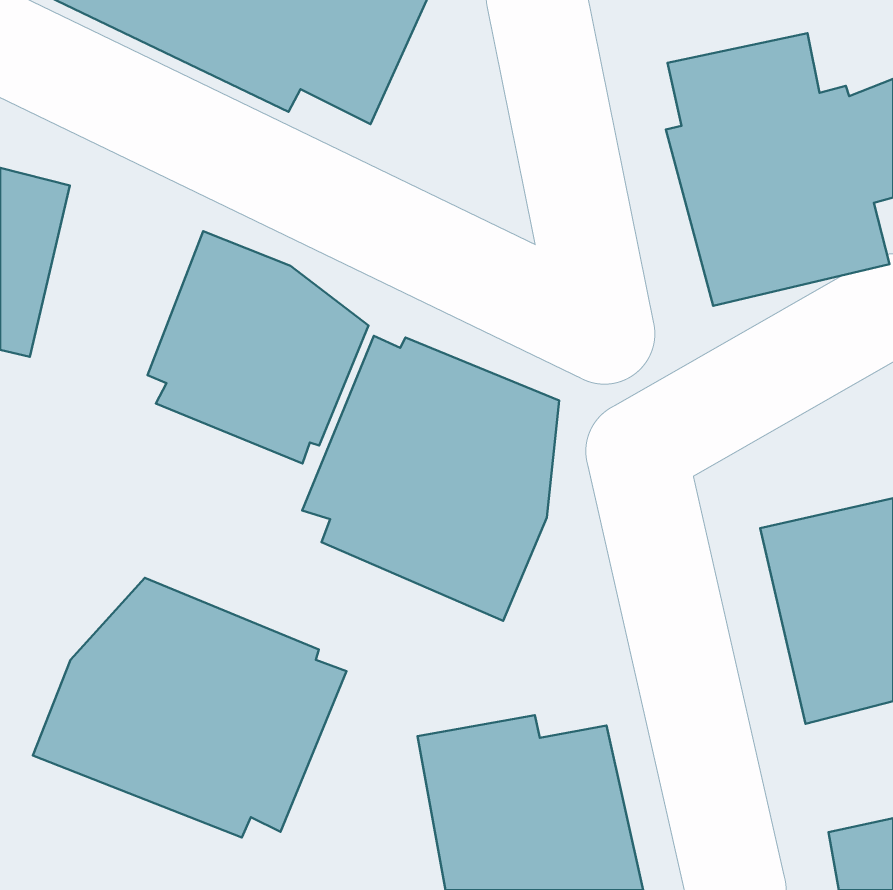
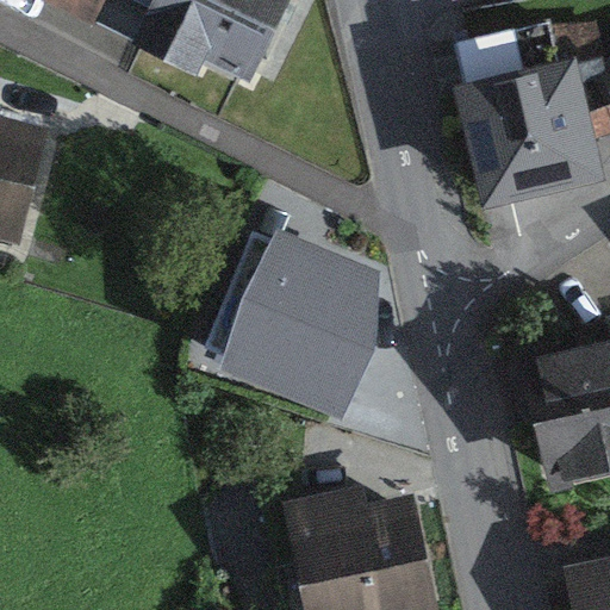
building: [148,231,368,464] -> none
building: [33,578,346,838] -> none

